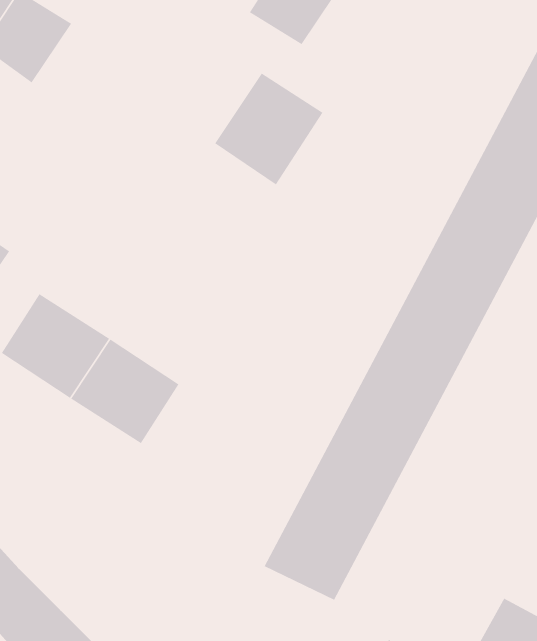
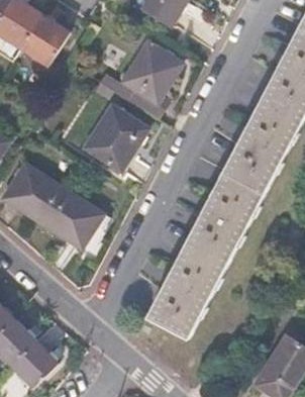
building: none -> [19,14,70,66]
building: none -> [84,106,147,173]

